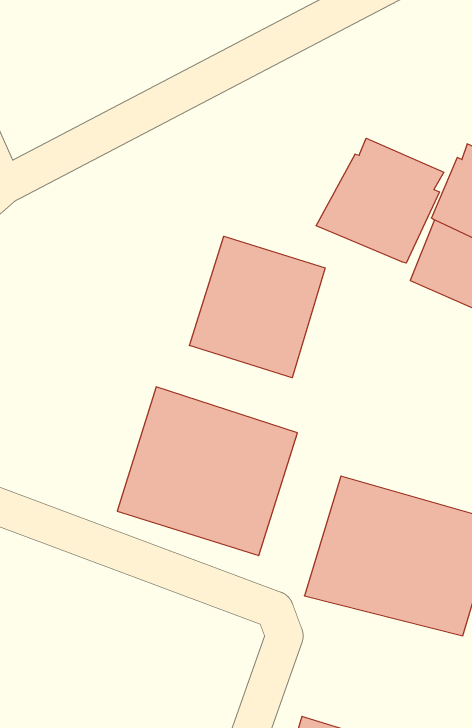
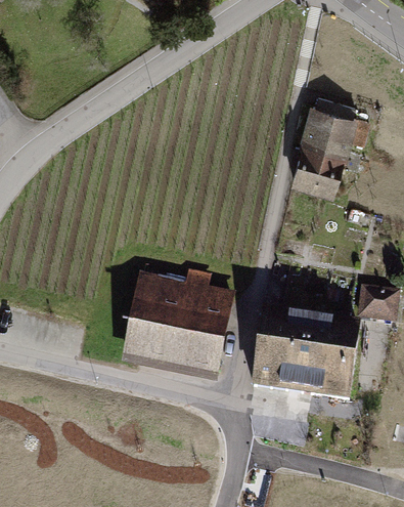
building: [316,138,444,263] -> none
building: [189,236,325,378] -> none

